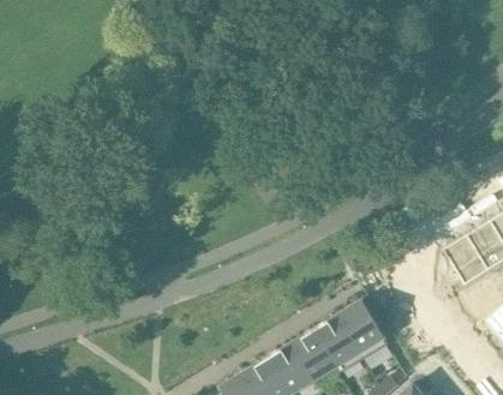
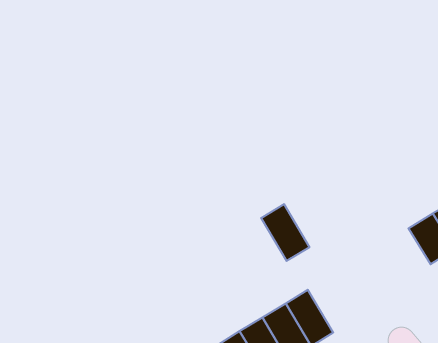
building: [337,300,388,359] -> [261,204,310,261]

